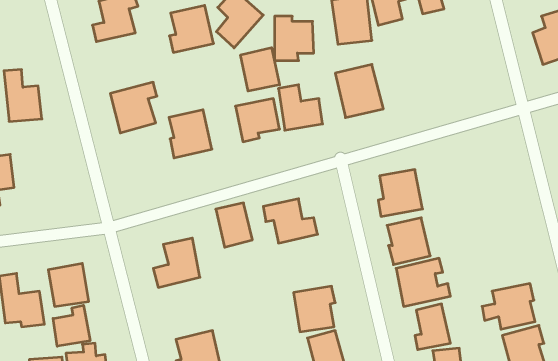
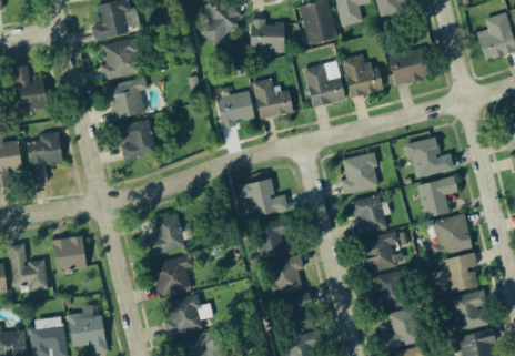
building: [169,5,214,52] -> [101,39,140,80]
building: [241,48,280,91] -> none
building: none -> [390,50,426,83]
building: none -> [341,53,383,99]
building: [169,110,212,158] -> [120,119,158,161]
building: none -> [27,132,63,184]
building: none -> [404,136,454,177]
building: none -> [417,176,458,217]
building: [216,203,252,247] -> [254,220,286,258]
building: none -> [431,214,473,257]
building: none -> [152,255,194,297]
building: [53,305,90,346] -> none

